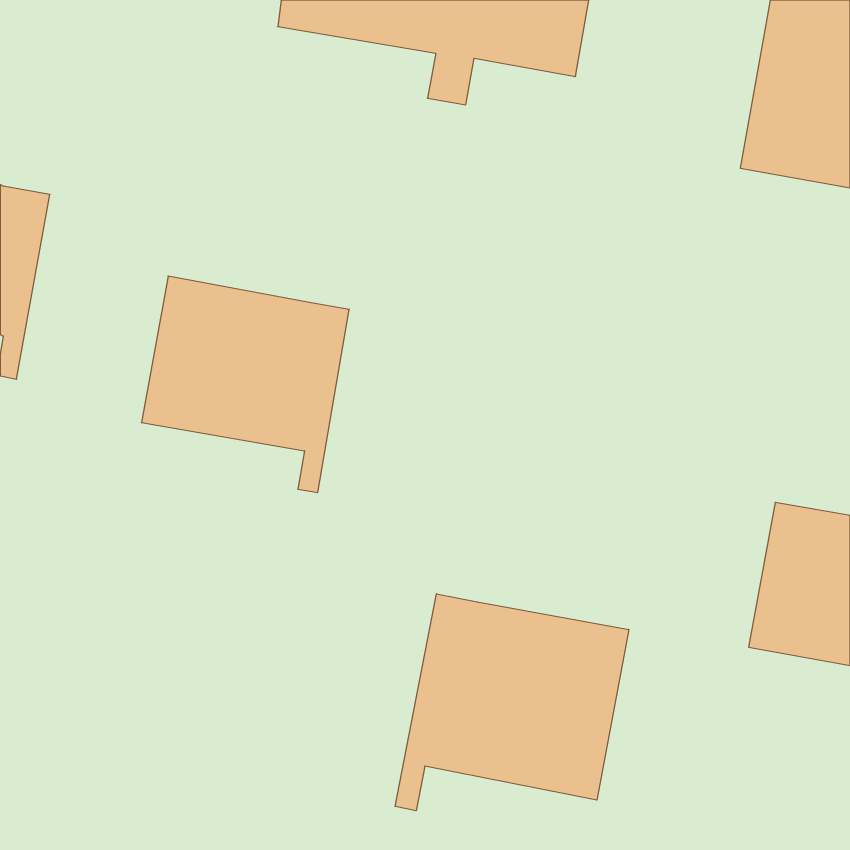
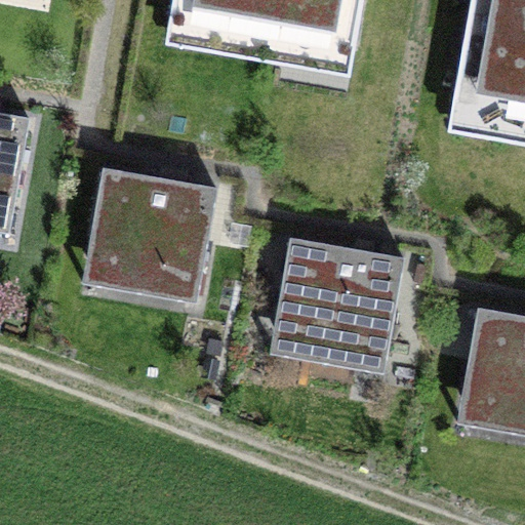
building: none -> [275,239,405,374]
building: [395,594,629,811] -> none

